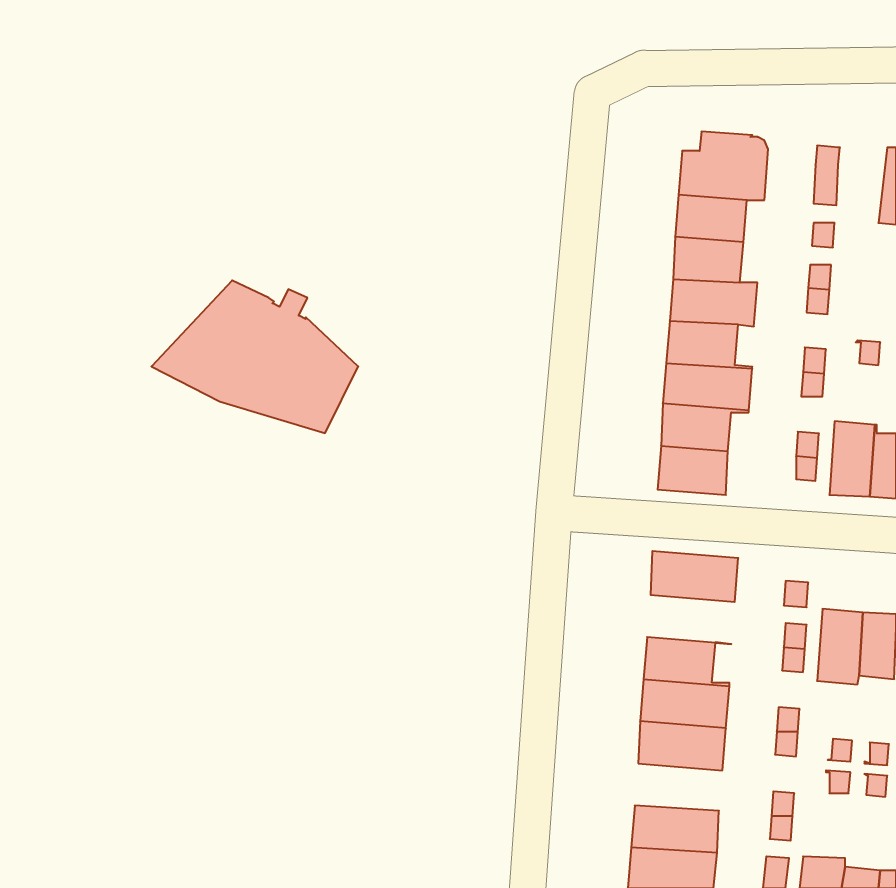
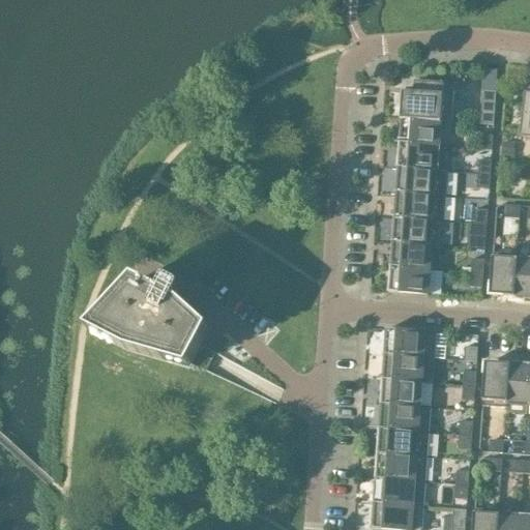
building: [151,280,358,433] -> [88,276,210,366]
building: none -> [382,351,434,380]
building: none -> [375,450,426,478]

